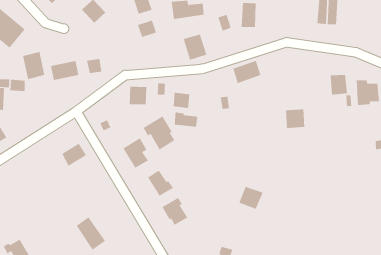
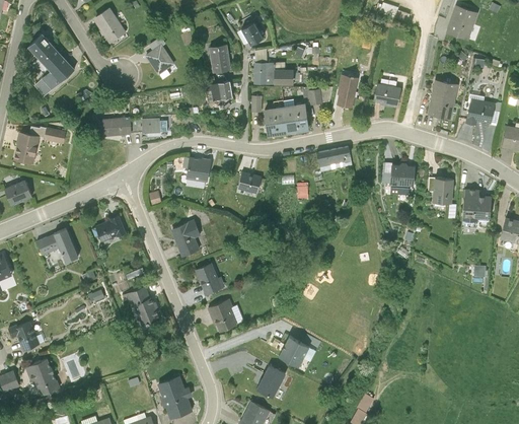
building: none -> [373,82,401,108]
building: none -> [465,98,495,125]
building: none -> [285,102,309,132]
building: [23,51,45,80] -> none
building: [285,109,305,128] -> [389,164,415,189]
building: [174,112,198,128] -> none
building: [143,116,175,150] -> none
building: none -> [36,228,79,262]
building: [238,186,264,210] -> [278,338,310,368]
building: [76,216,106,250] -> [128,286,161,328]

